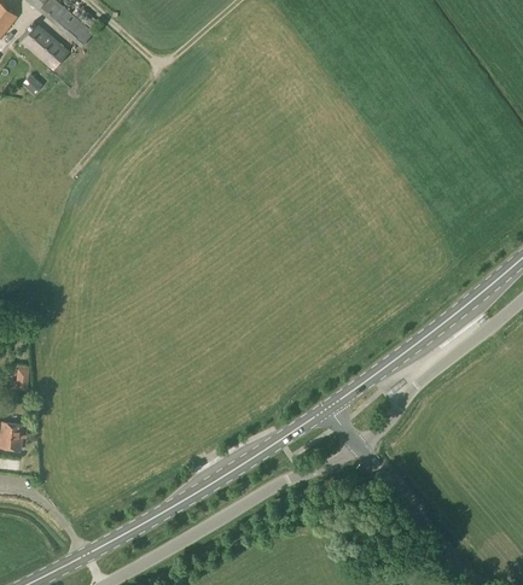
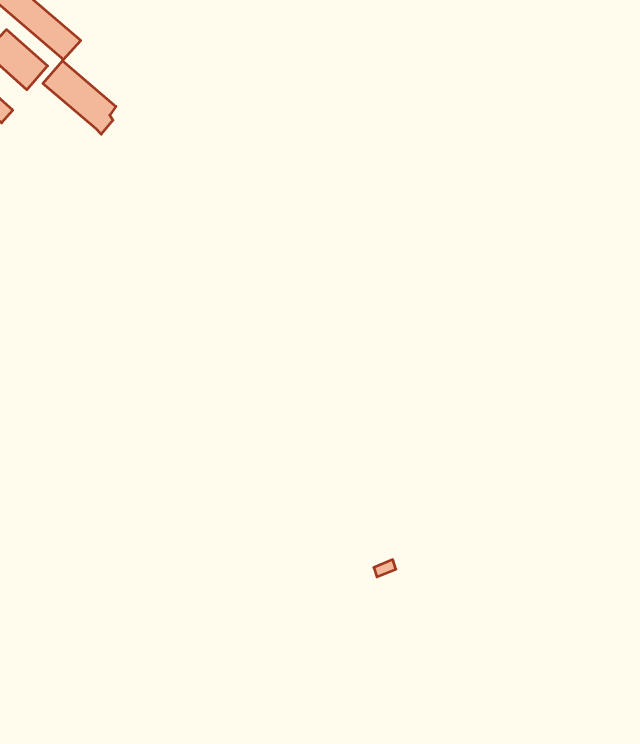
building: none -> [43,61,116,134]

